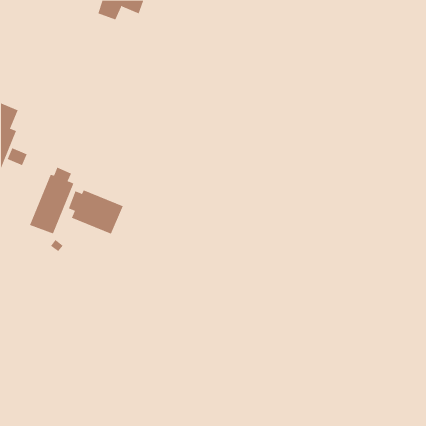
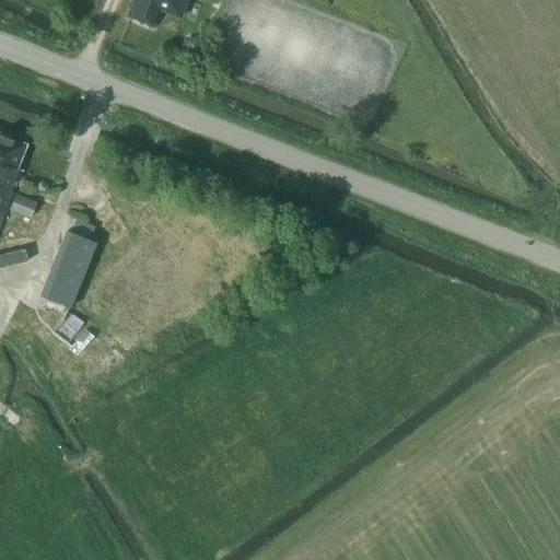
building: [68,190,123,235] -> none

